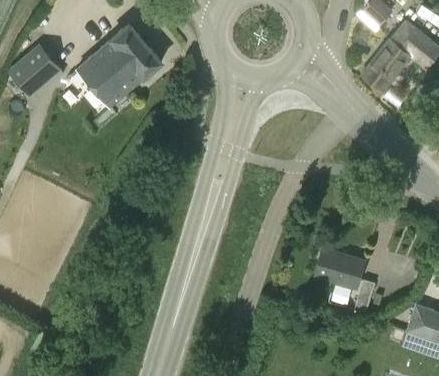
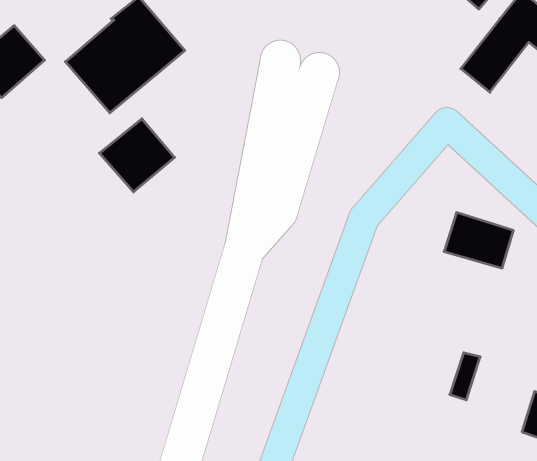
building: none -> [99,119,175,192]
building: [314,248,364,288] -> [444,213,513,268]

